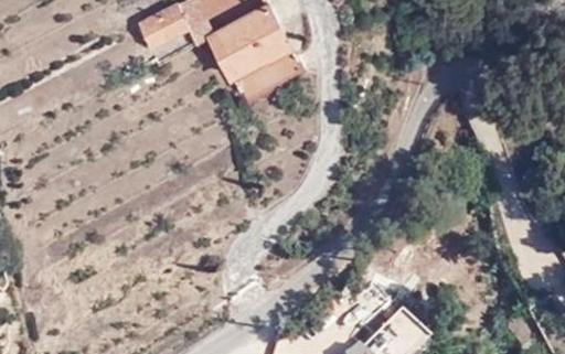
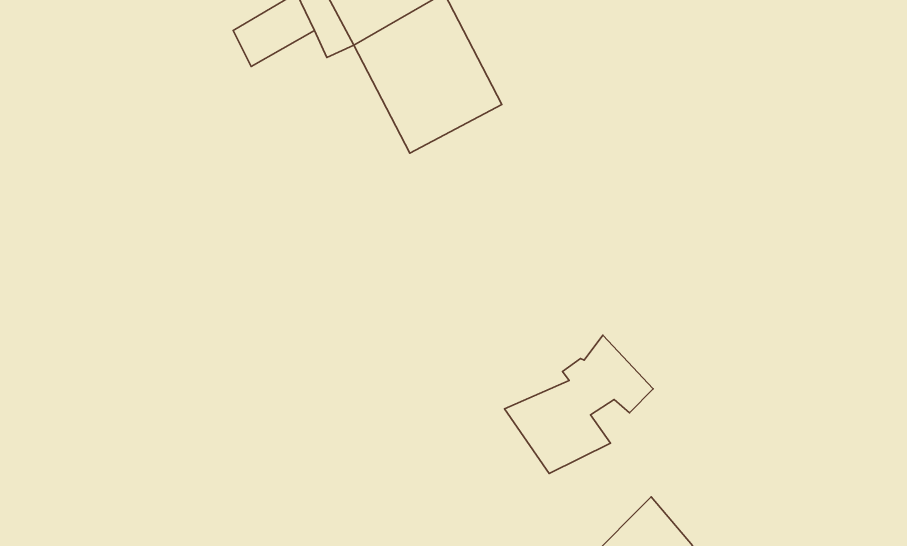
building: none -> [505,335,653,474]

